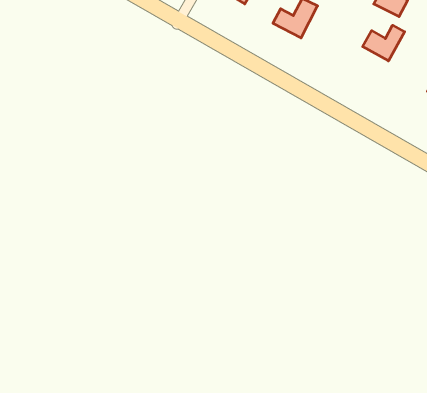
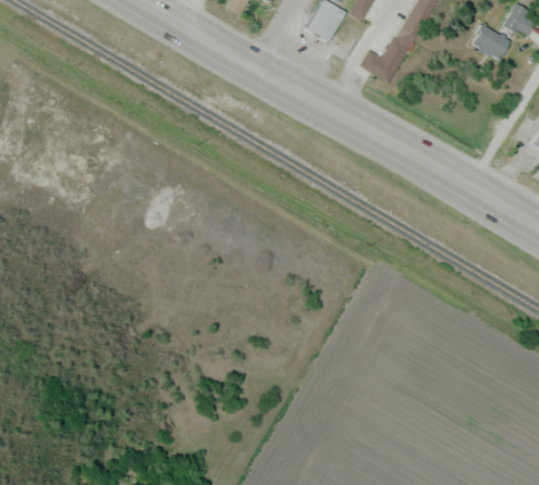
building: [363,25,405,61] -> none

